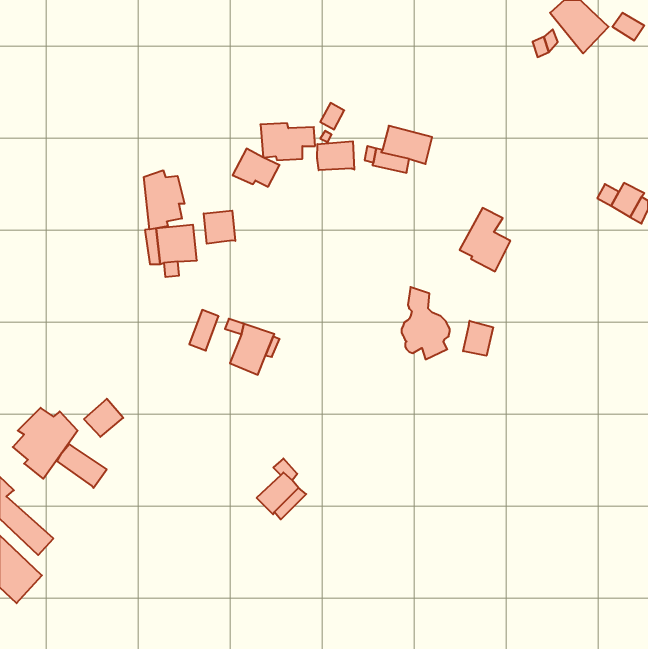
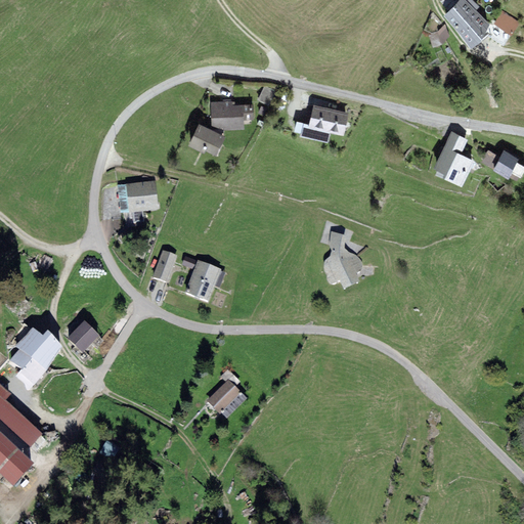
building: [317,141,354,170] -> none
building: [144,170,185,229] -> none
building: [460,208,510,271] -> [433,130,474,181]
building: [204,211,235,244] -> none
building: [463,321,493,356] -> none
building: [57,444,107,488] -> none

